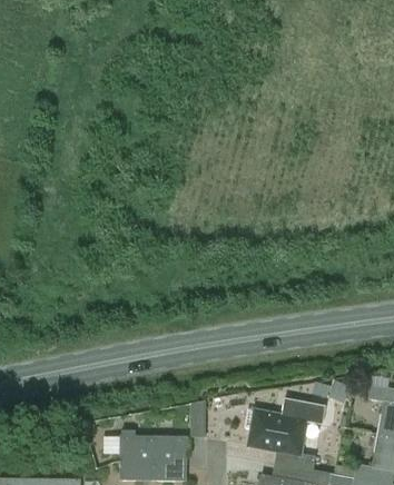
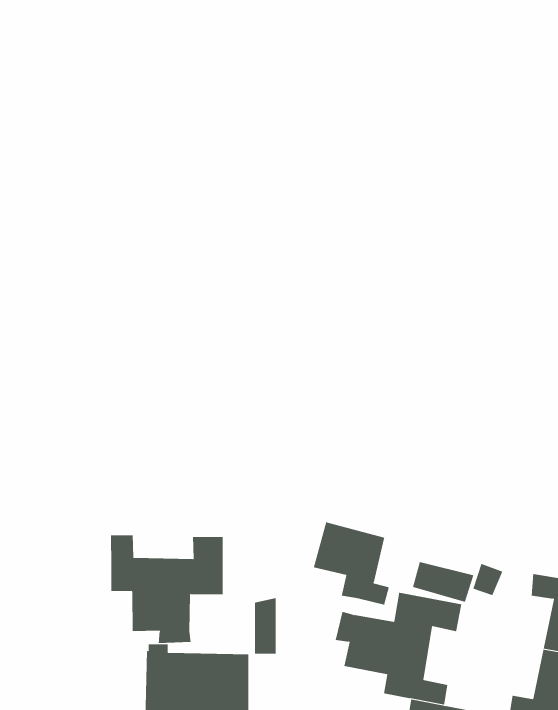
building: none -> [313,521,389,606]
building: none -> [110,535,223,644]

